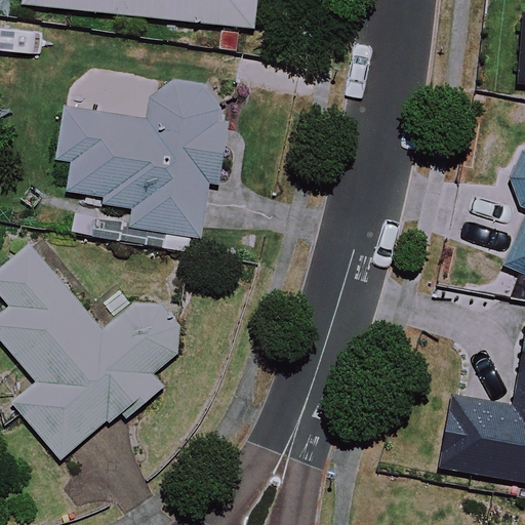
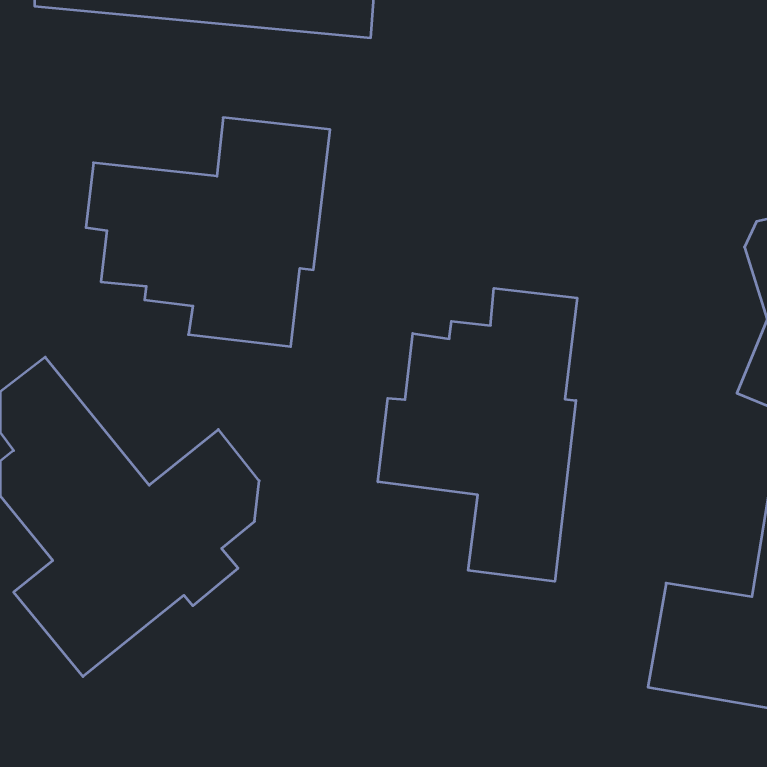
building: none -> [378,288,577,581]

